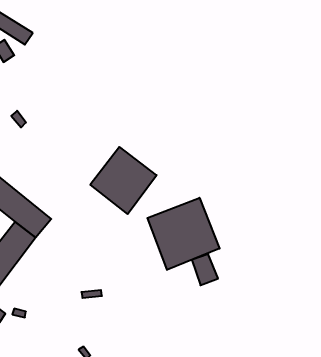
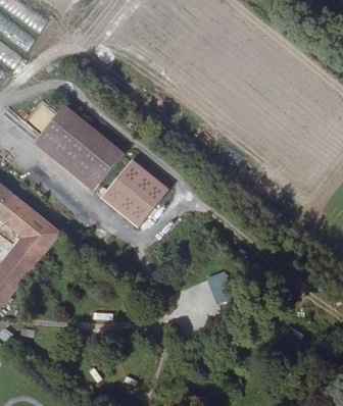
building: none -> [39,103,132,192]
building: [147,198,220,270] -> none

